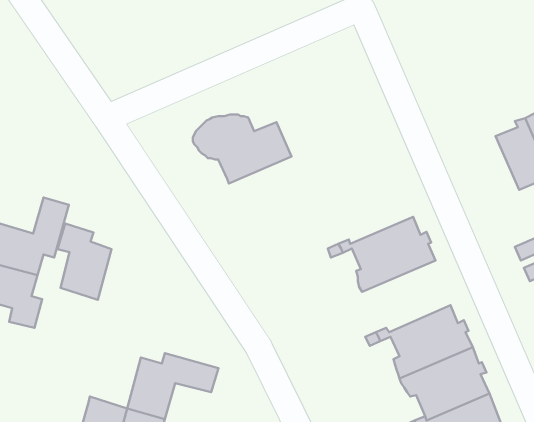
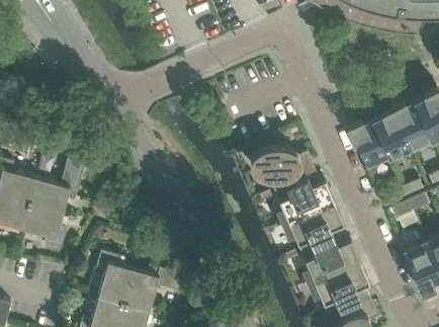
building: [193,115,292,183] -> [250,149,317,195]
building: none -> [349,122,388,168]
building: [58,224,111,300] -> [96,255,133,307]
building: none -> [282,207,342,255]

